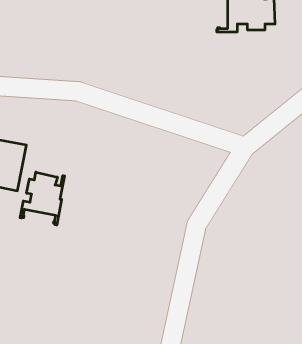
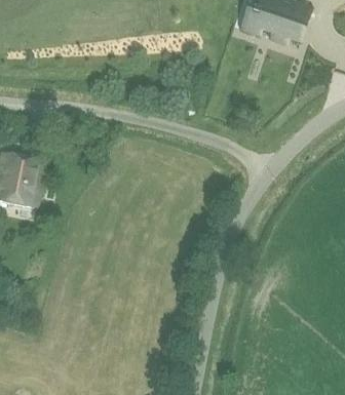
building: [20,172,65,225] -> none

